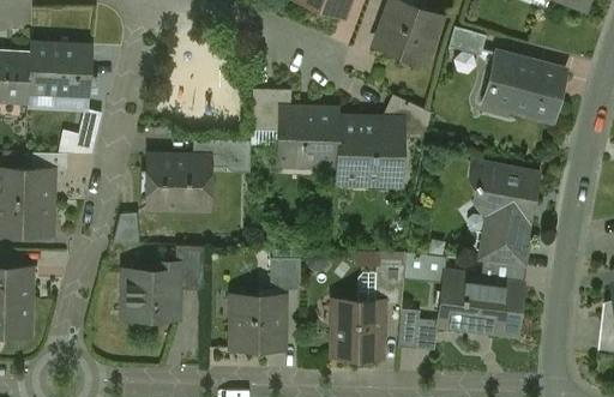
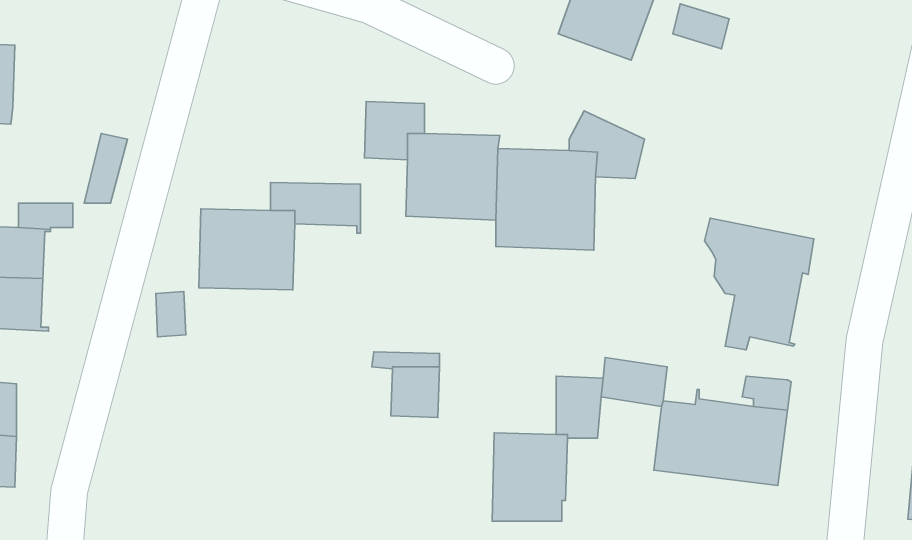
building: [28,44,91,97] -> none
building: [483,54,565,121] -> none
building: [478,240,525,267] -> none
building: [125,247,204,320] -> none
building: [231,296,282,349] -> none
building: [397,311,419,350] -> none

